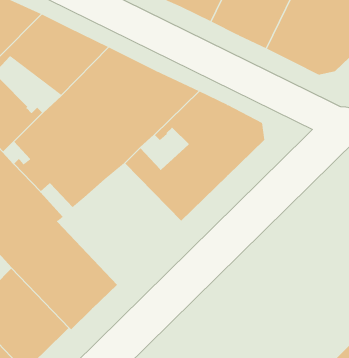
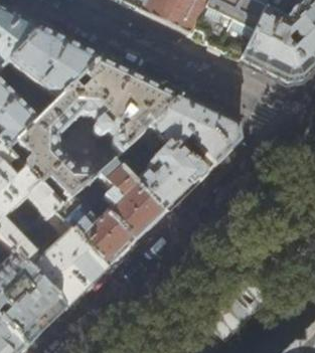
building: none -> [54,161,164,269]

